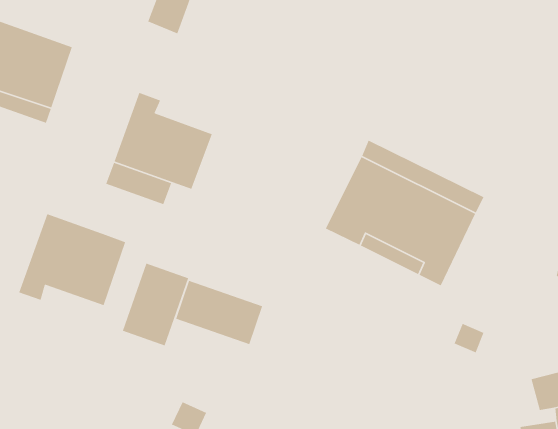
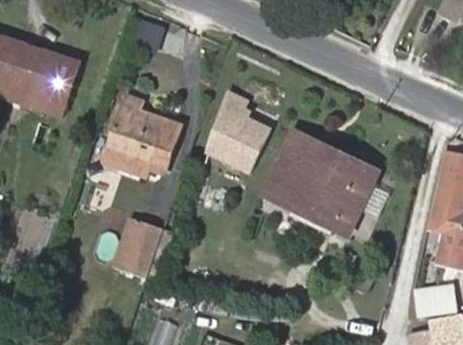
building: none -> [198,88,271,174]
building: [18,213,126,306] -> none
building: [175,280,263,345] -> none

